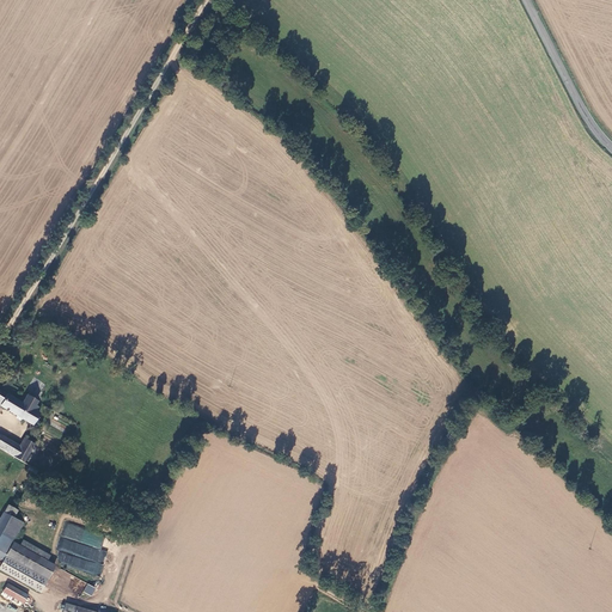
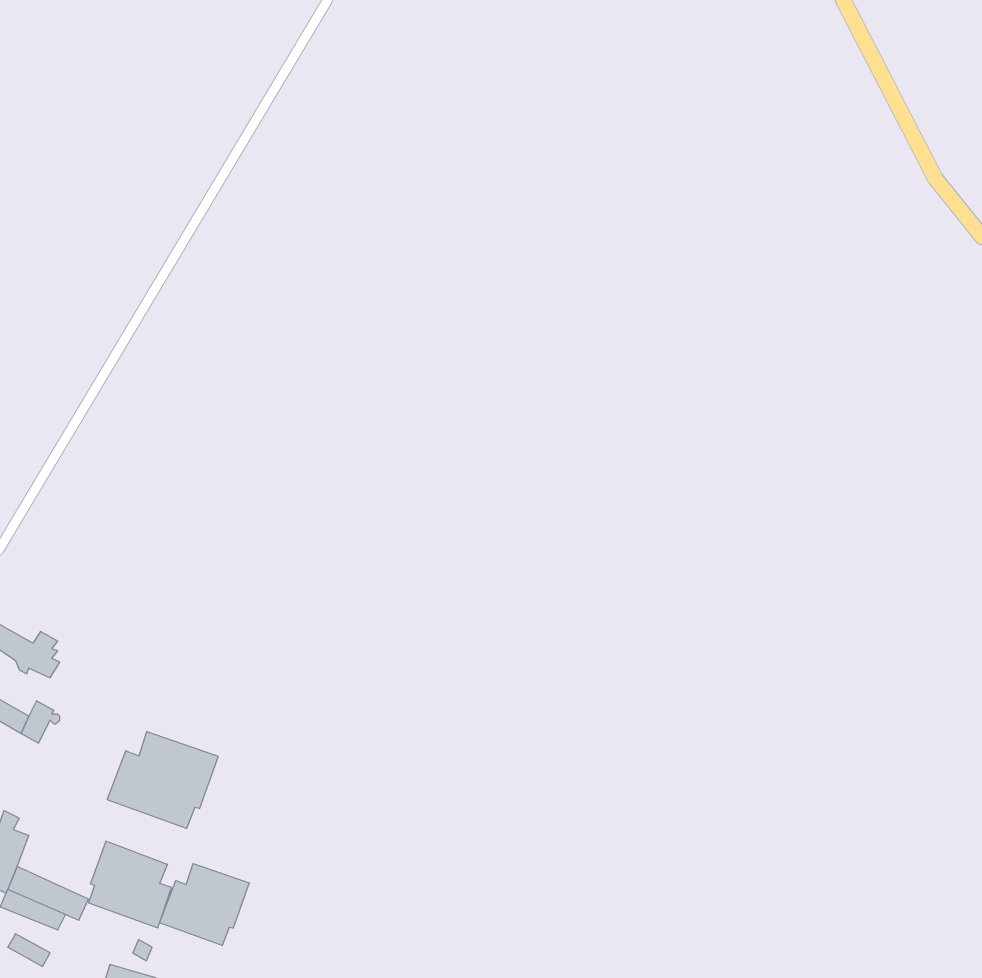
building: none -> [107,731,218,828]
building: none -> [160,864,249,946]

